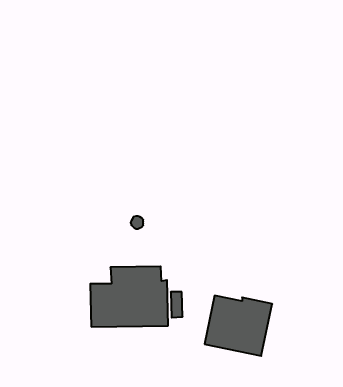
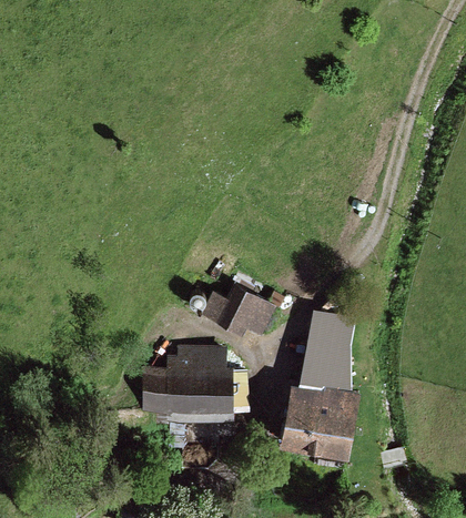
building: none -> [200,285,276,336]
building: none -> [300,313,356,390]

